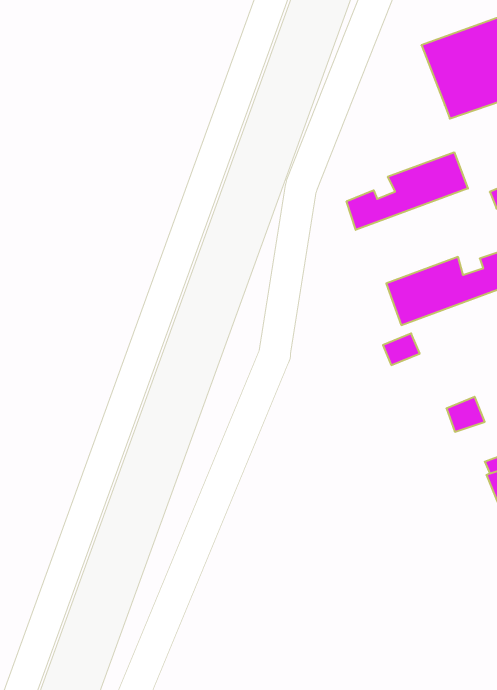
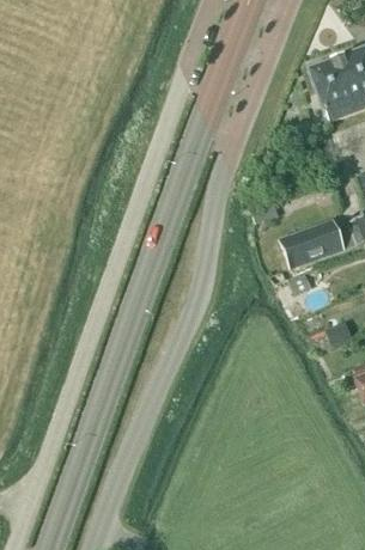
building: [347,152,468,230] -> none

